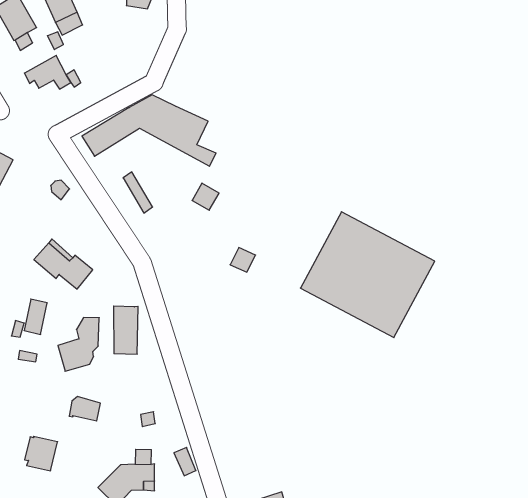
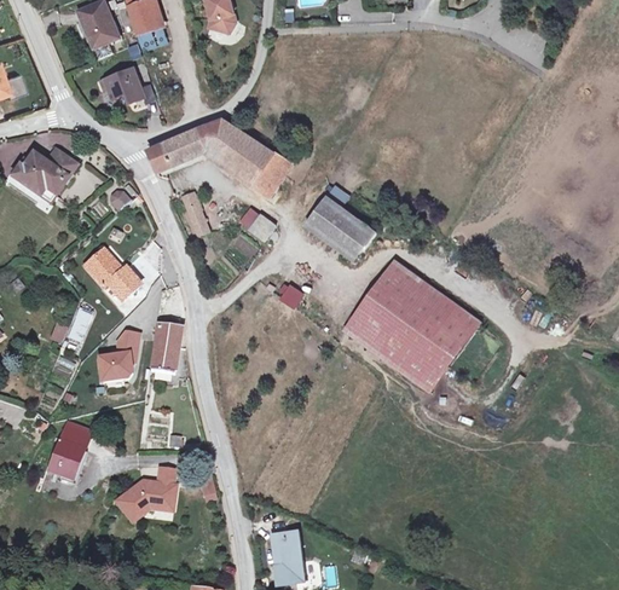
building: none -> [260,151,293,184]
building: none -> [305,195,375,260]
building: [69,397,100,421] -> [56,422,88,449]

